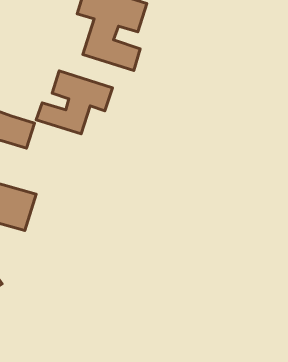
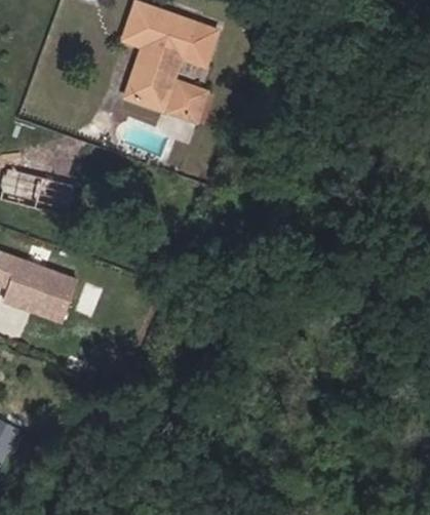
building: [36,71,113,134] -> none

